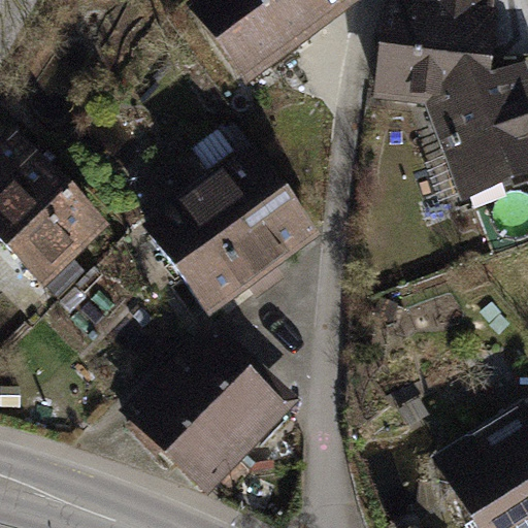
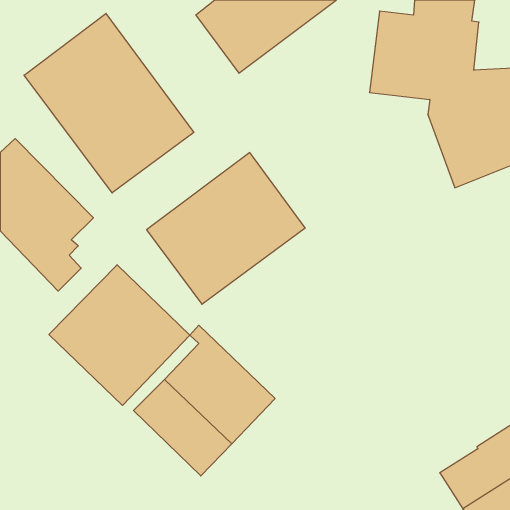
building: none -> [24,13,194,193]
building: none -> [49,265,190,405]

